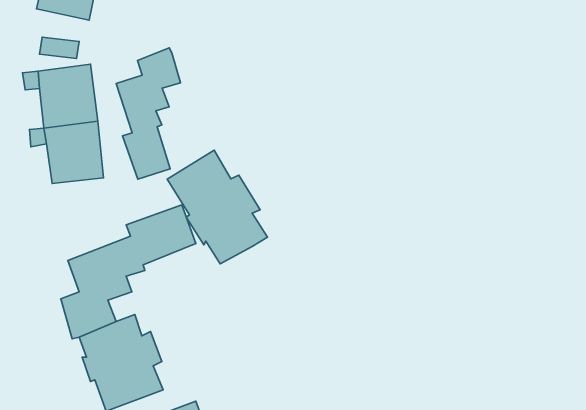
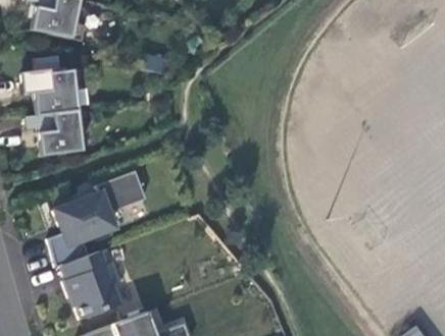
building: [116,48,180,179] -> none
building: [167,150,268,264] -> none

